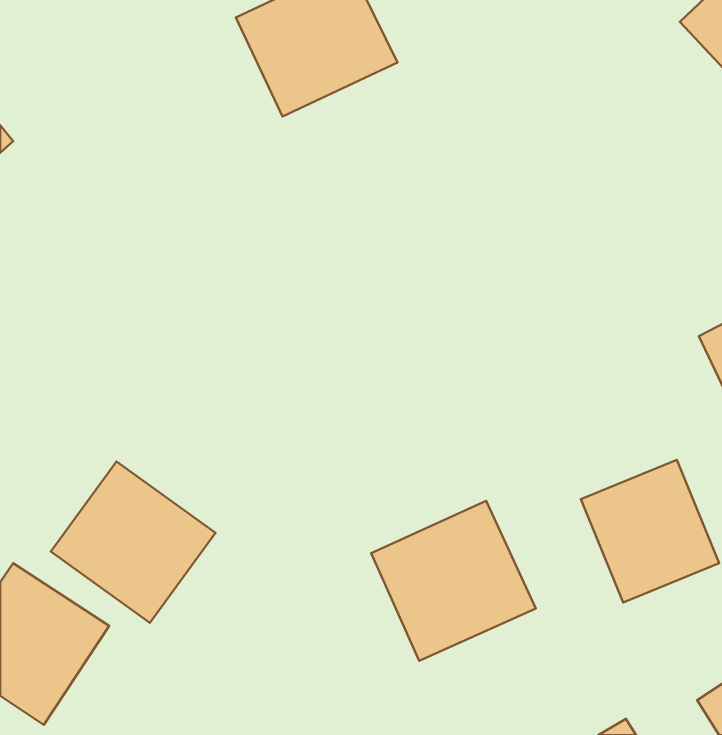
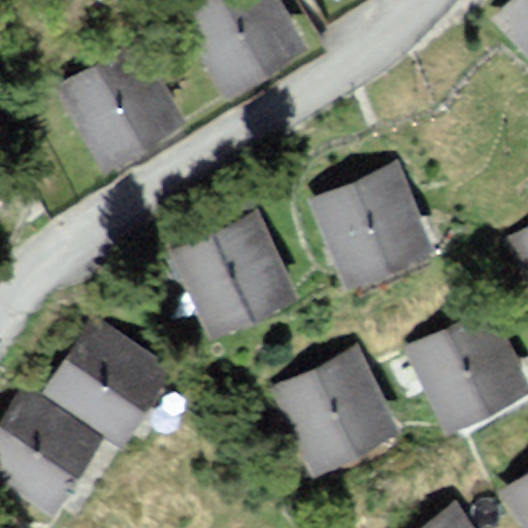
building: none -> [66,43,178,152]
building: none -> [318,173,423,280]
building: none -> [180,223,289,334]

